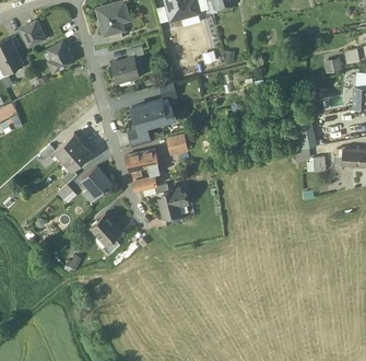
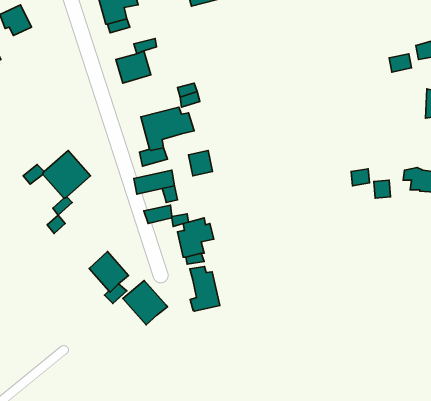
building: [47,42,73,72] -> none
building: [81,167,111,202] -> none
building: none -> [190,266,220,311]
building: none -> [123,281,167,325]

